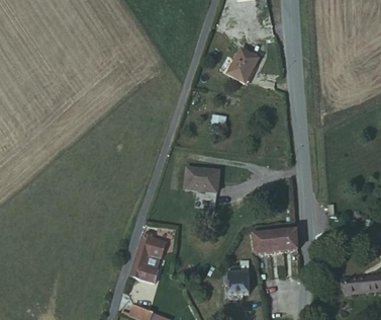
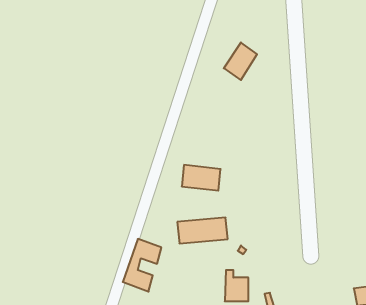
building: [252,229,299,253] -> [177,218,228,243]

